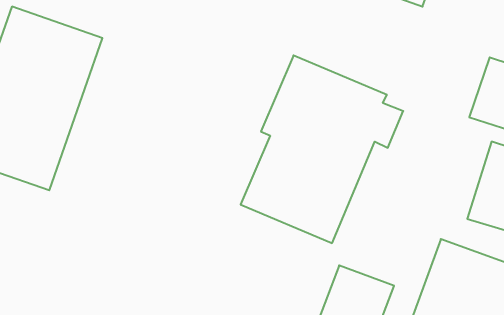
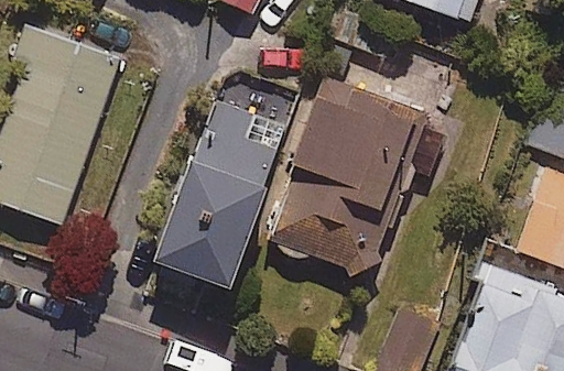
building: none -> [159,100,286,280]

